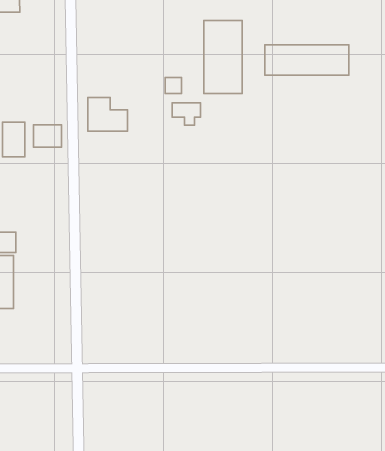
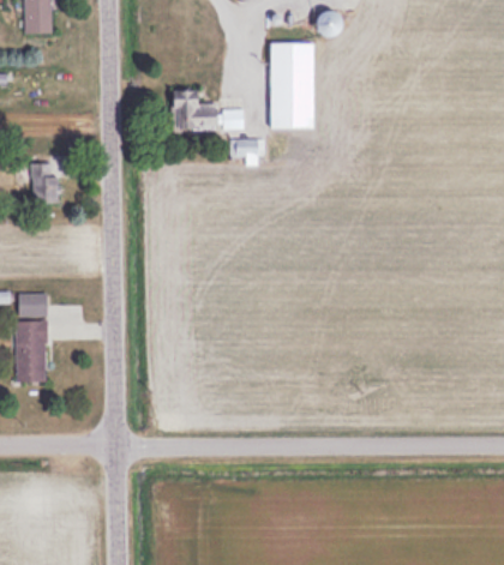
building: [265,45,349,75] -> none
building: [88,98,128,131] -> [169,89,216,128]
building: [33,125,61,147] -> none

